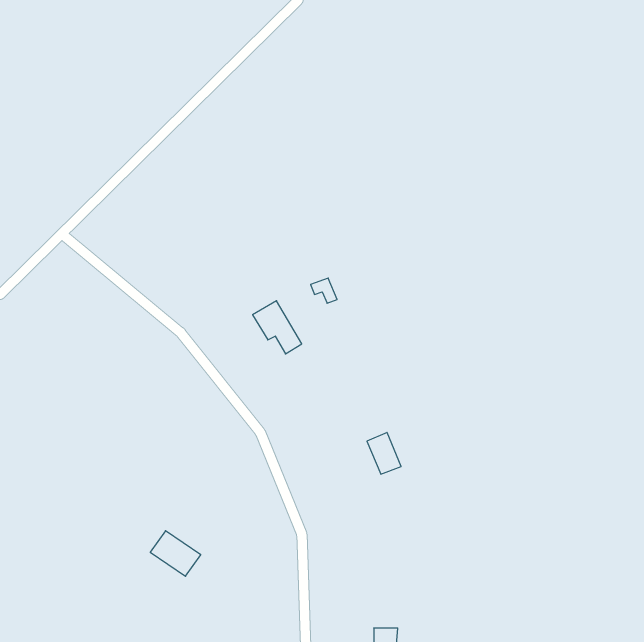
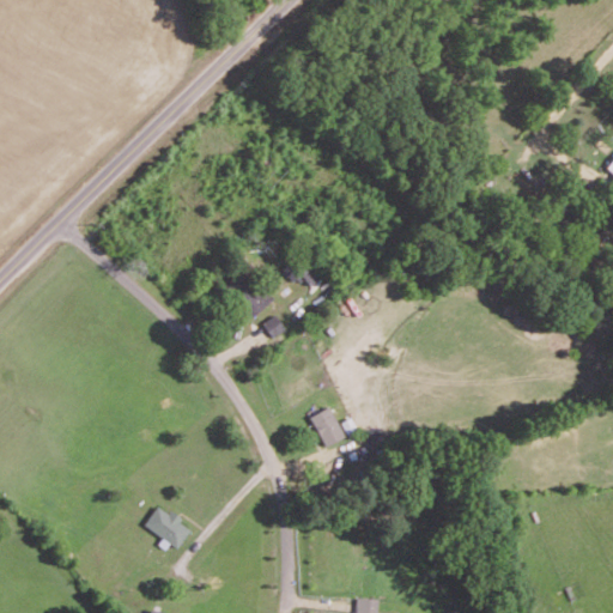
building: [367,432,401,474] -> [311,408,344,448]

